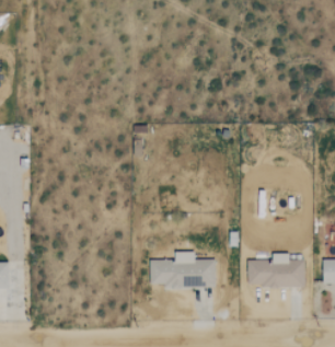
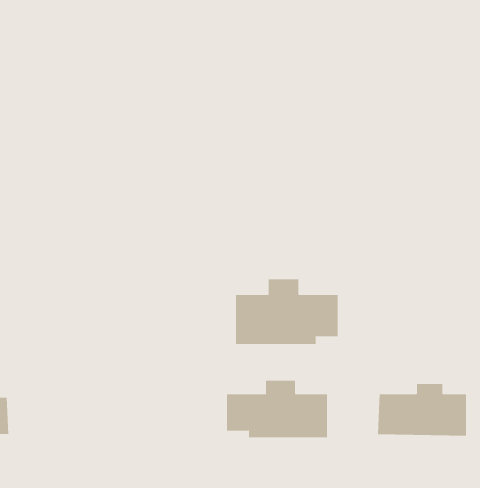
building: none -> [235,278,338,345]

